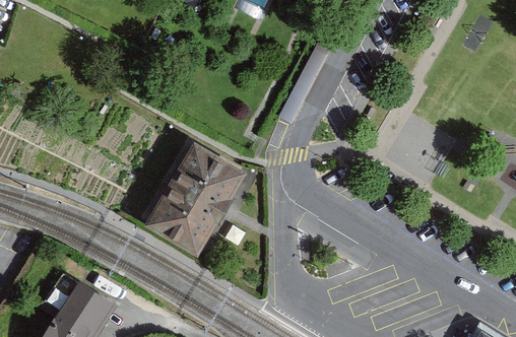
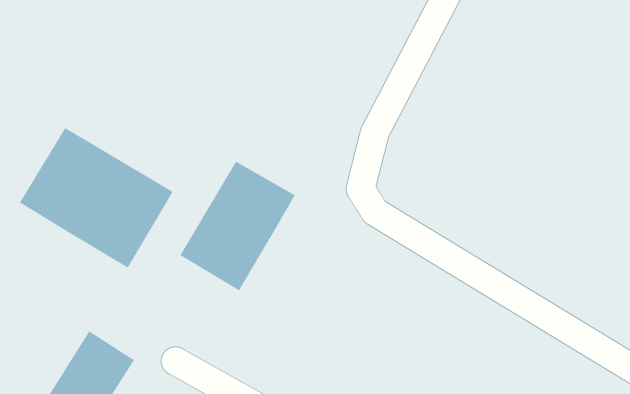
building: none -> [19,127,173,268]

